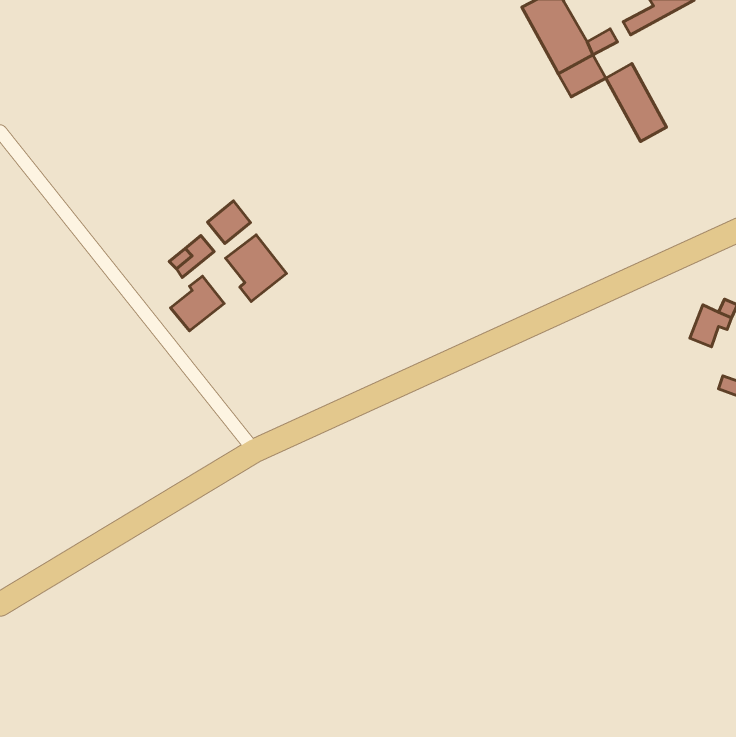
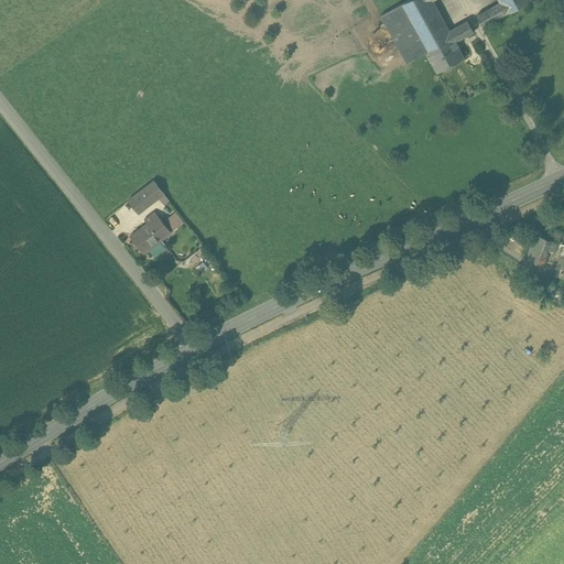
building: [606,64,667,142] -> [380,6,426,65]
building: [207,201,251,244] -> none
building: [226,235,287,301] -> none

